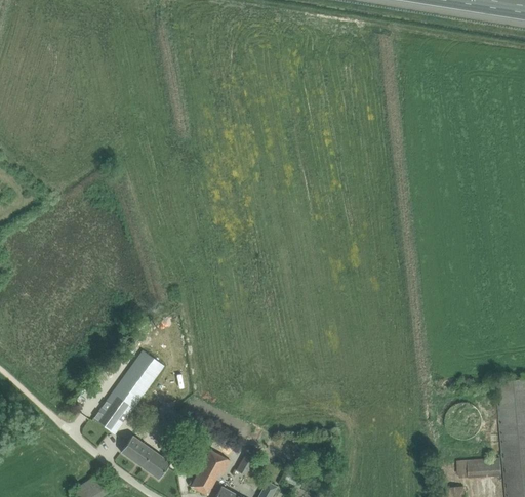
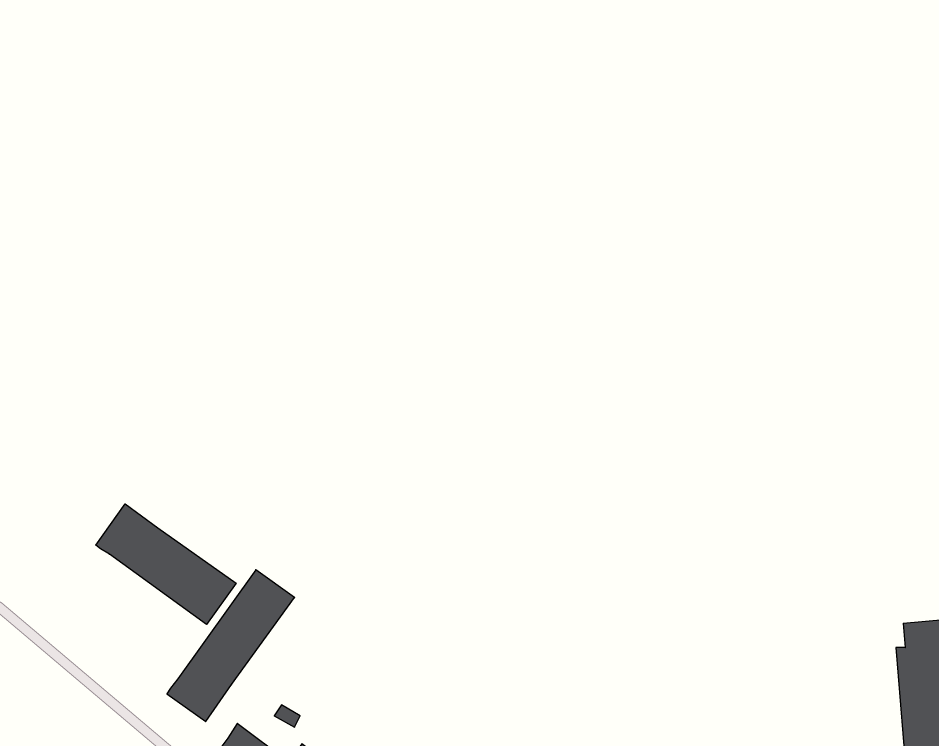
building: none -> [96,504,236,624]

